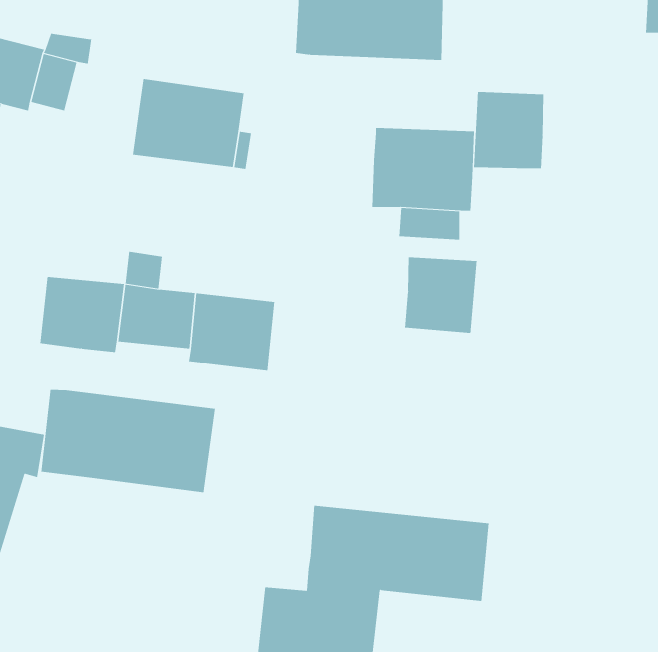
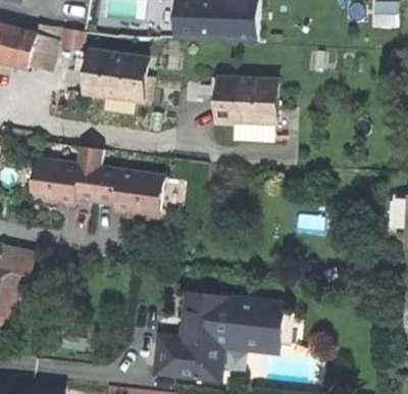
building: [473,91,544,169] -> none
building: [404,256,477,334] -> none
building: [41,389,216,493] -> none

